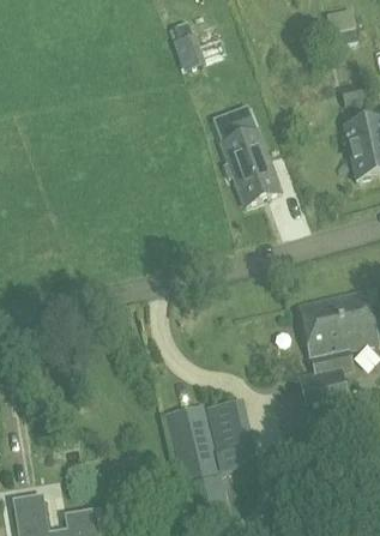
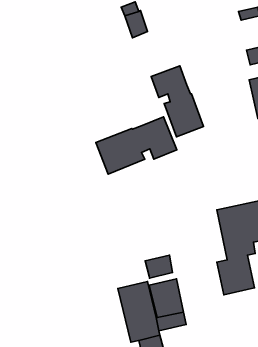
building: none -> [96,117,177,174]
building: none -> [145,255,173,278]

